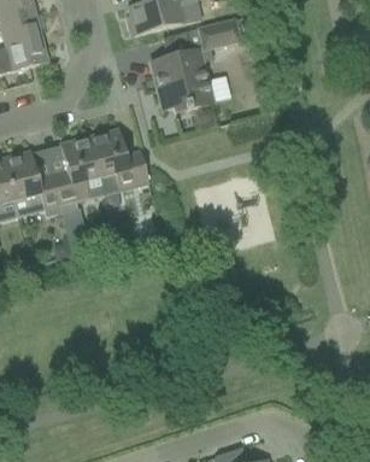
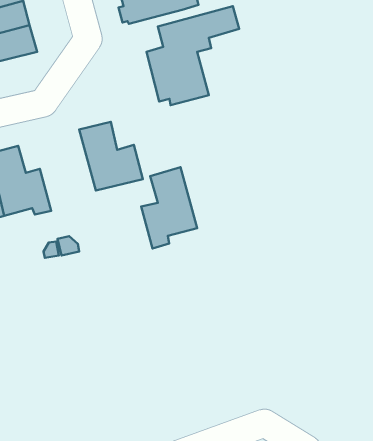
building: [51,135,104,212] -> [141,167,197,249]

